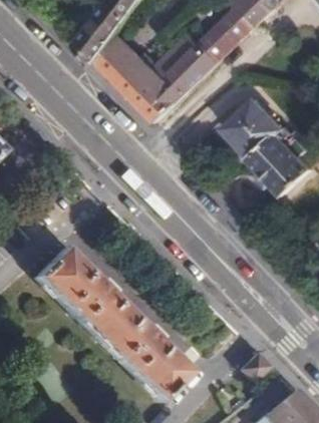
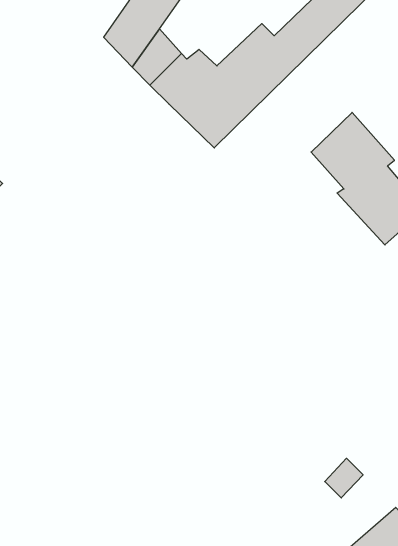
building: [34,247,186,398] -> none

